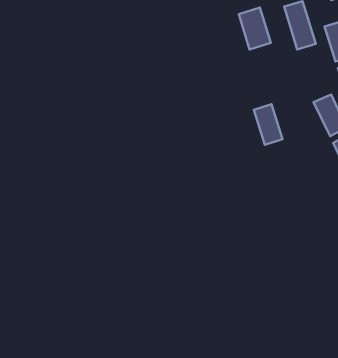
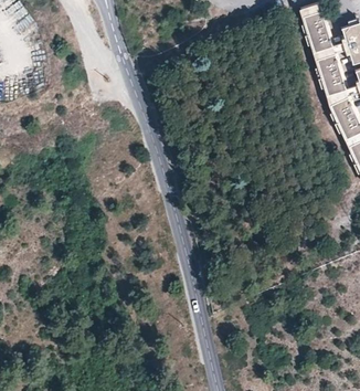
building: [239,7,271,50] -> none
building: [254,104,282,145] -> [317,53,346,94]

